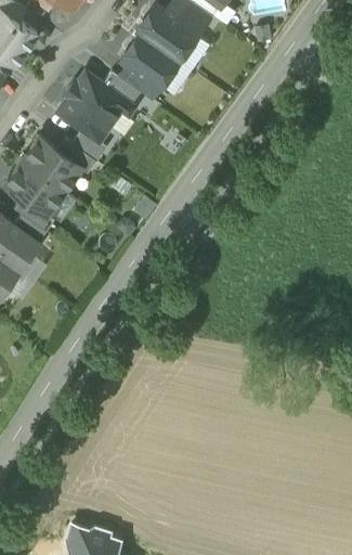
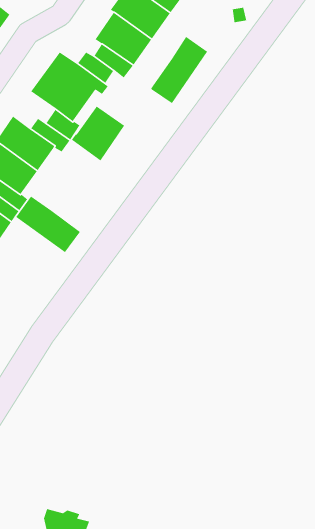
building: none -> [150,36,208,104]
building: none -> [71,106,125,161]
building: none -> [15,195,81,253]

